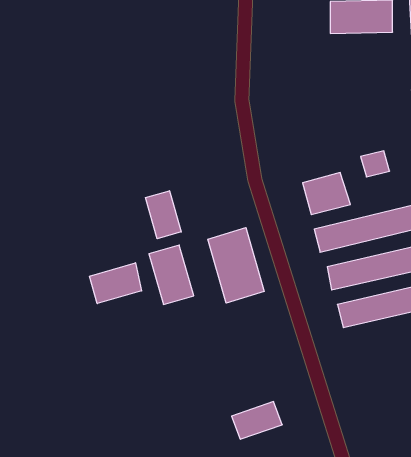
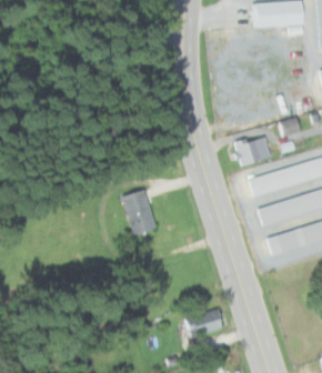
building: [146,191,181,239] -> none
building: [208,228,264,303] -> none
building: [90,263,142,304] -> none

